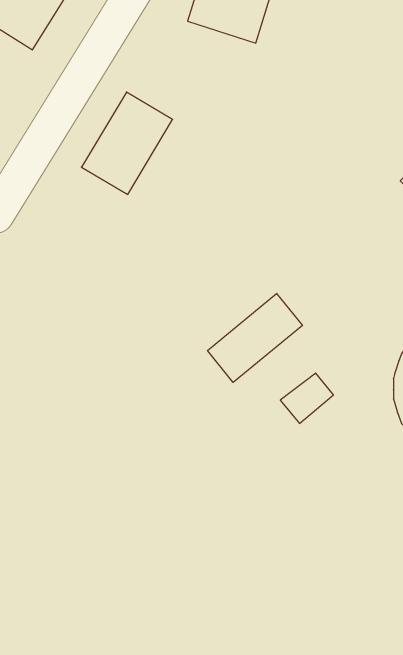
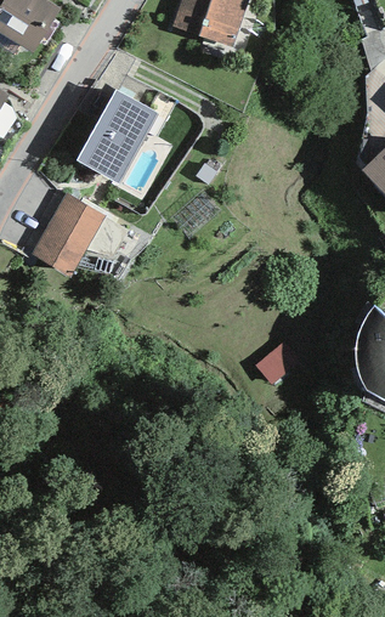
building: none -> [29,193,103,276]
building: [208,293,302,382] -> none

